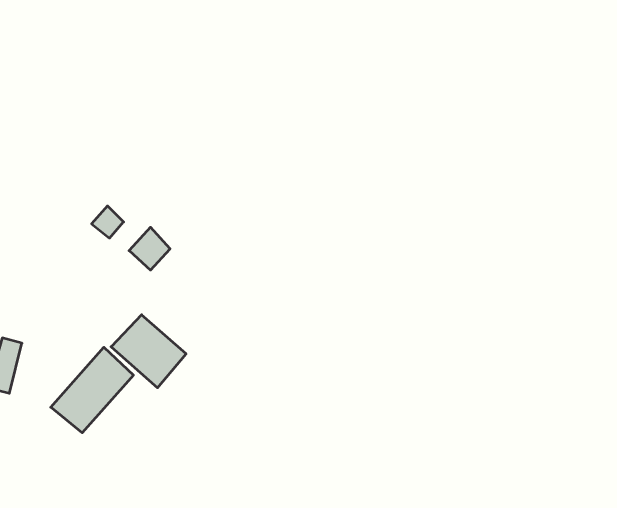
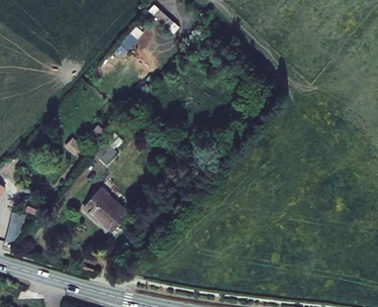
building: [51,347,133,433] -> none

